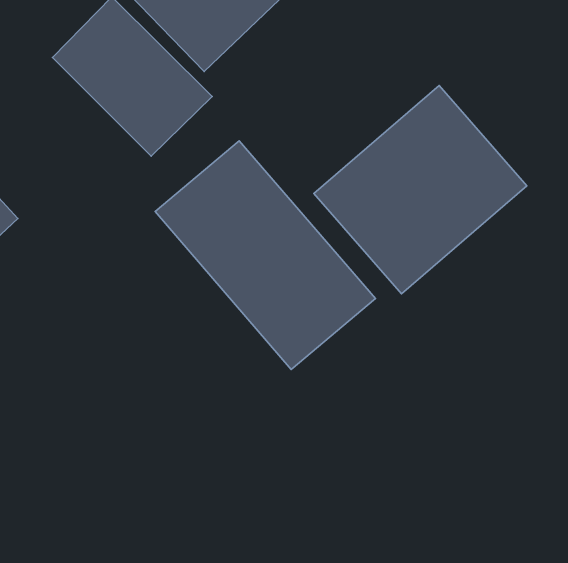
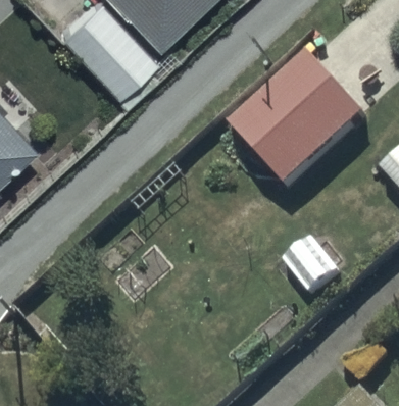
building: [155,141,375,370] -> none

